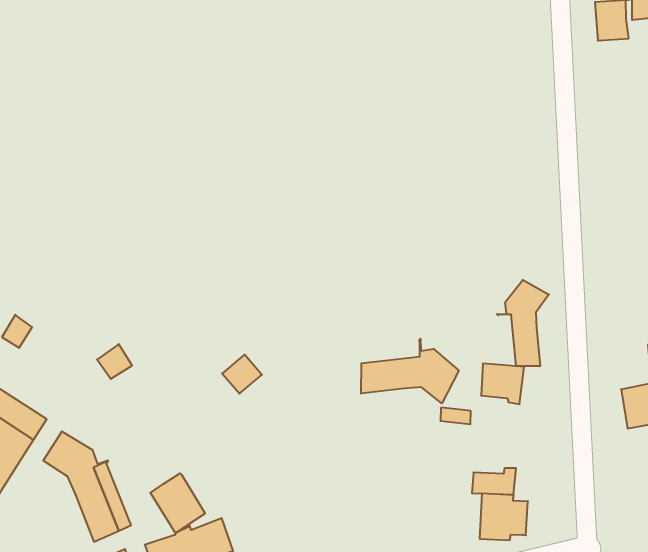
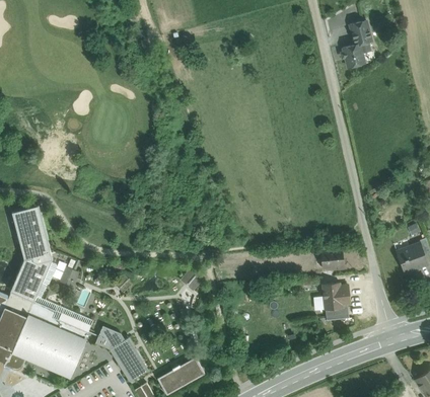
building: [497,280,549,366] -> none
building: [361,339,459,403] -> none
building: [150,473,205,533] -> none
building: [480,493,528,540] -> [321,284,349,310]

